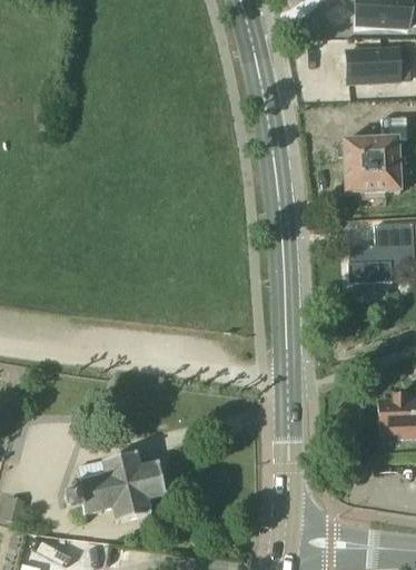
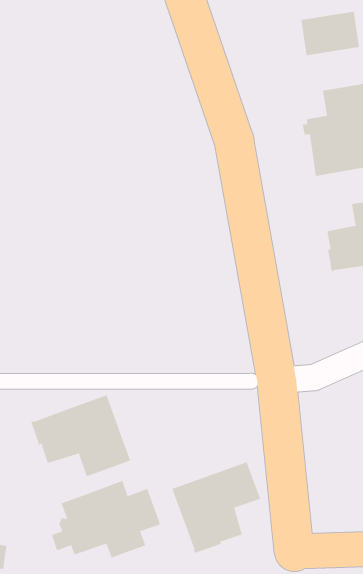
building: none -> [30,395,131,477]
building: none -> [172,461,261,554]

